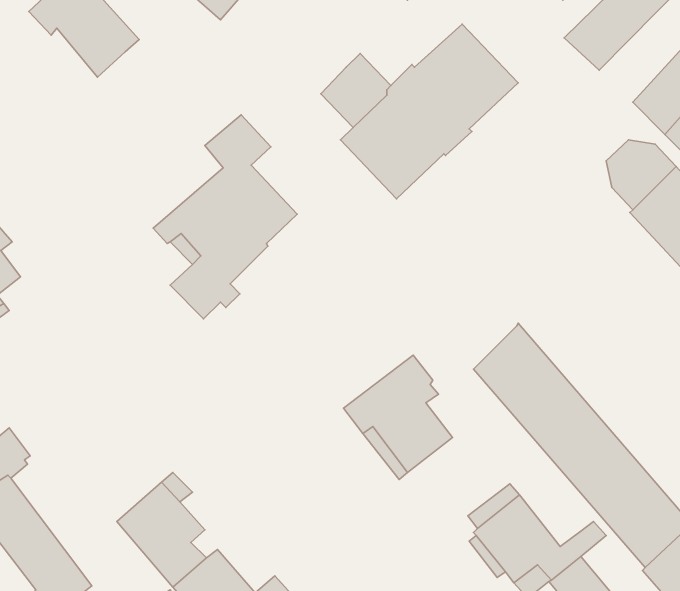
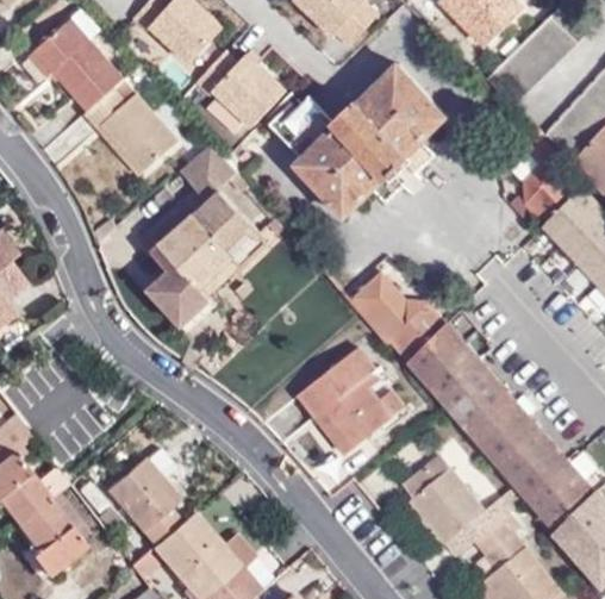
building: none -> [197,51,287,133]
building: none -> [83,91,177,173]
building: none -> [349,272,445,361]

